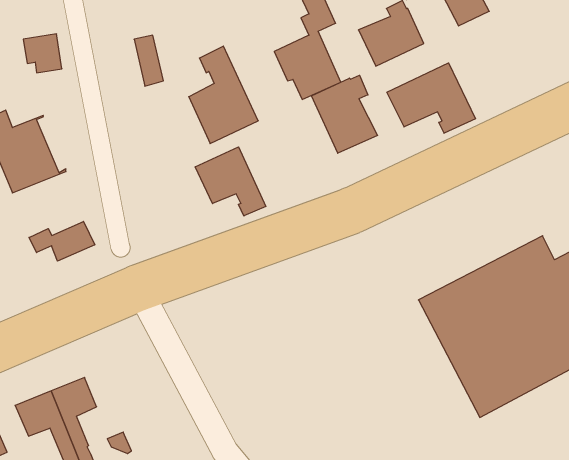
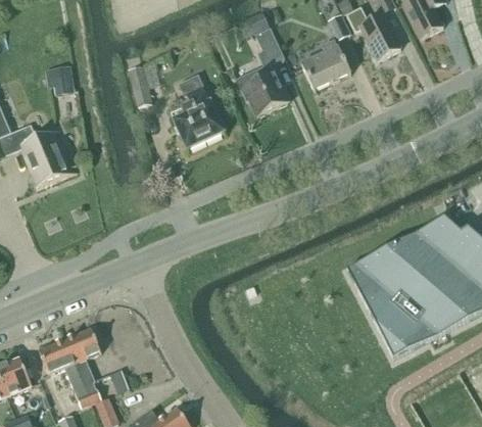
building: [387,63,475,133] -> none
building: [312,75,378,153] -> none
building: [195,147,266,216] -> none
building: [29,221,95,261] -> none

